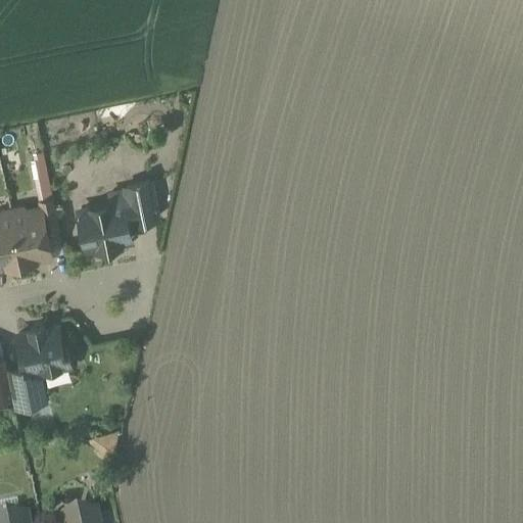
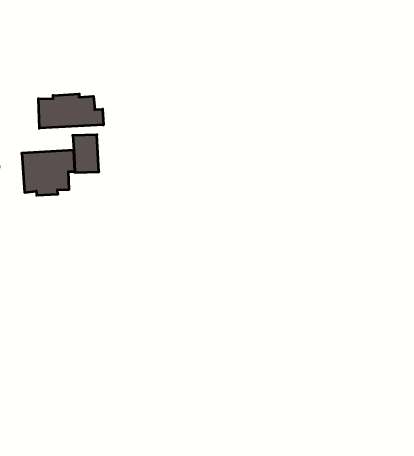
building: none -> [38,94,103,128]

